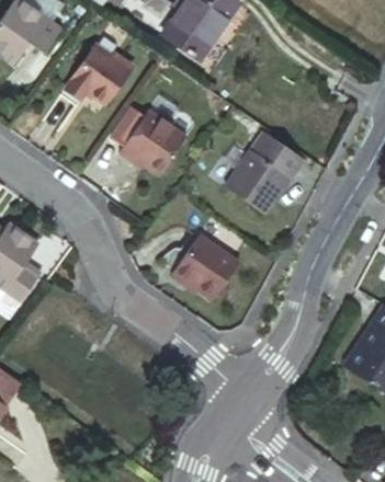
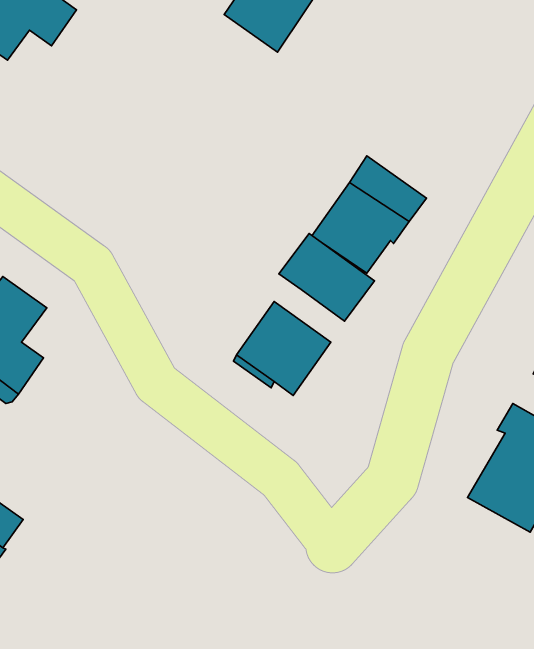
building: [67,45,133,104] -> none
building: [120,110,186,174] -> none
building: none -> [279,234,375,321]

